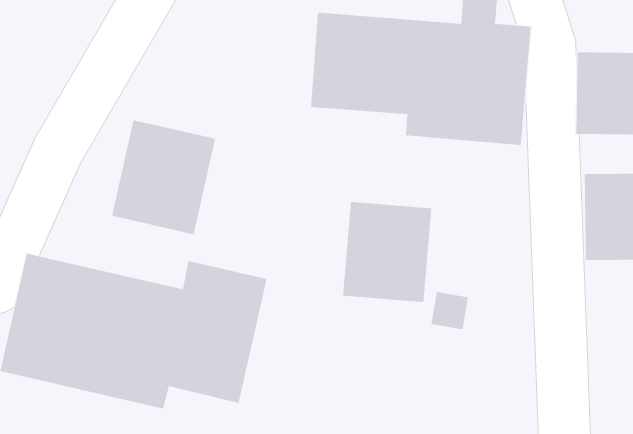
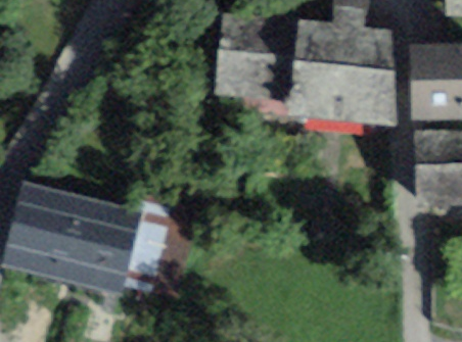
building: [111,119,216,235] -> none
building: [343,201,432,303] -> none

